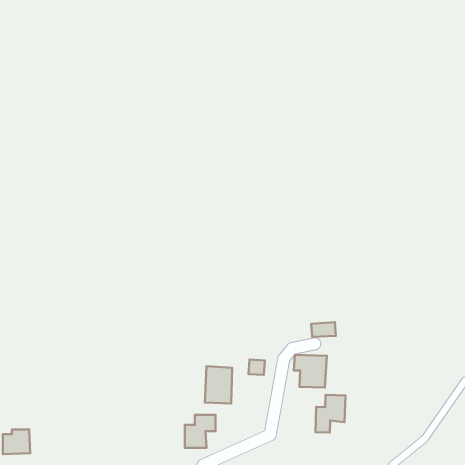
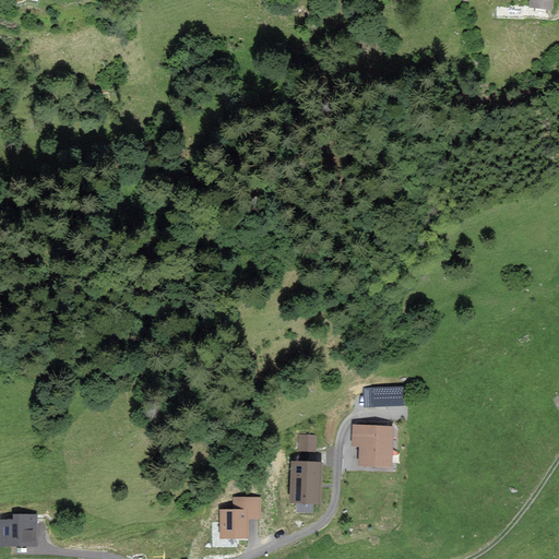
building: [205,366,232,403] -> [289,459,322,503]
building: [315,395,345,433] -> none

